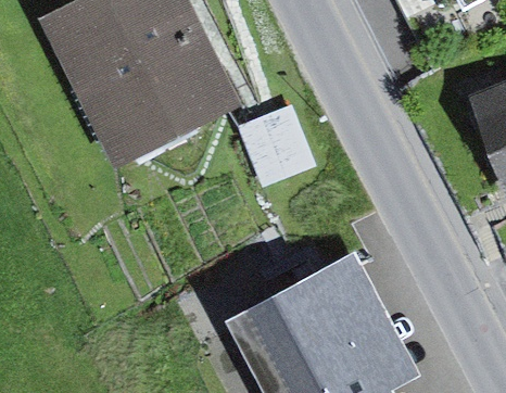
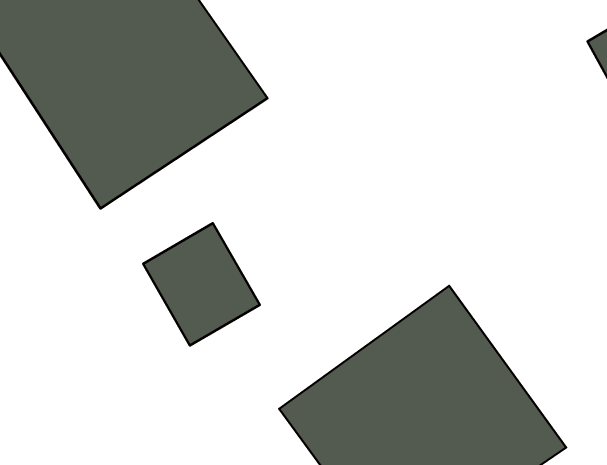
building: [240,105,317,188] -> [143,223,260,346]

